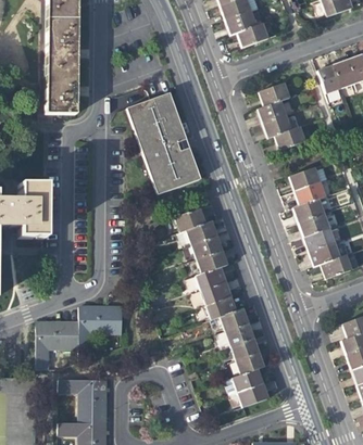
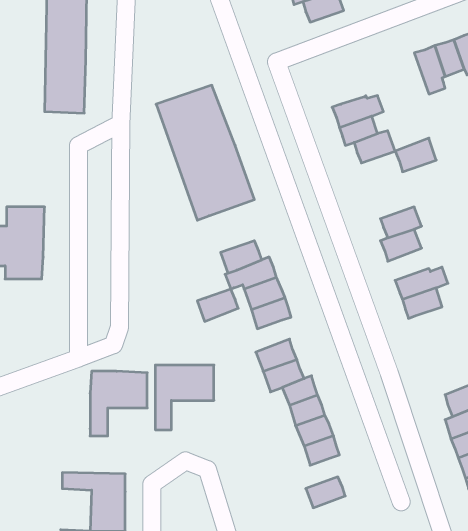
building: [259,82,290,107] -> none
building: [289,167,320,192] -> [395,138,436,172]
building: [300,214,330,238] -> none
building: [321,255,351,279] -> none
building: [197,267,227,291] -> [197,289,238,321]
building: [36,321,79,369] -> [155,365,214,430]
building: [226,369,263,394] -> none

